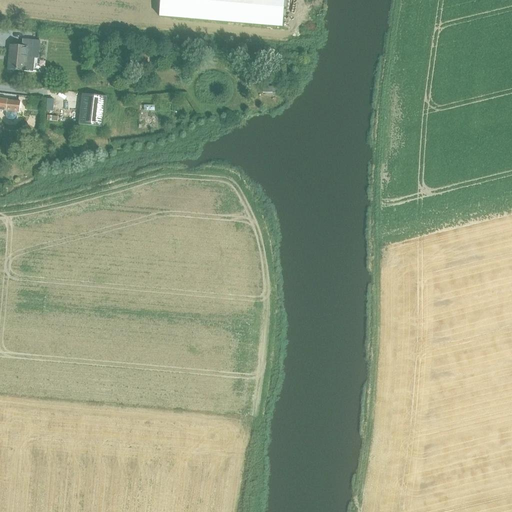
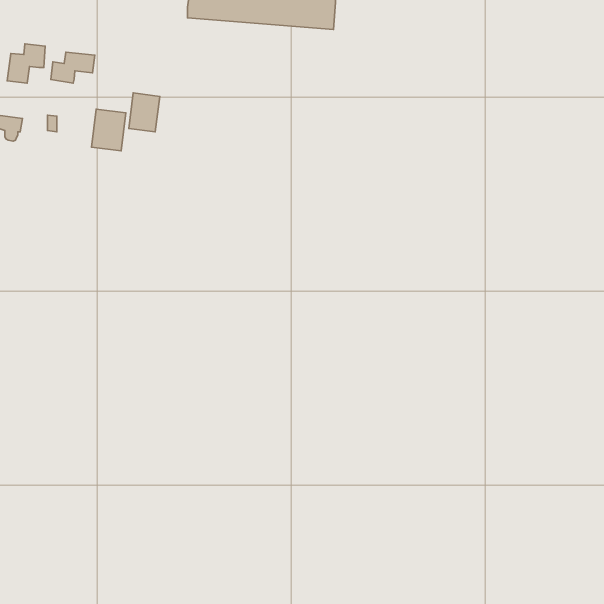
building: none -> [51,52,95,83]
building: none -> [129,93,160,132]

